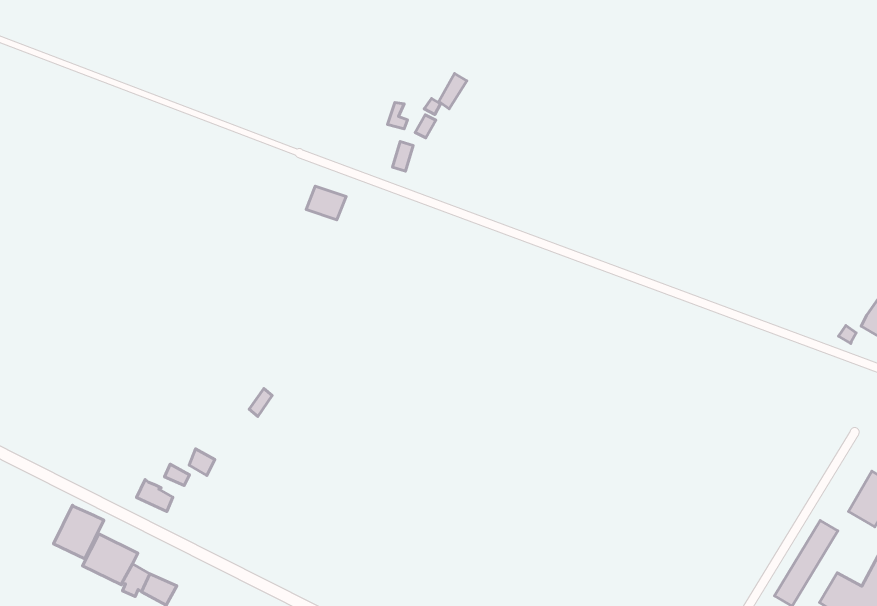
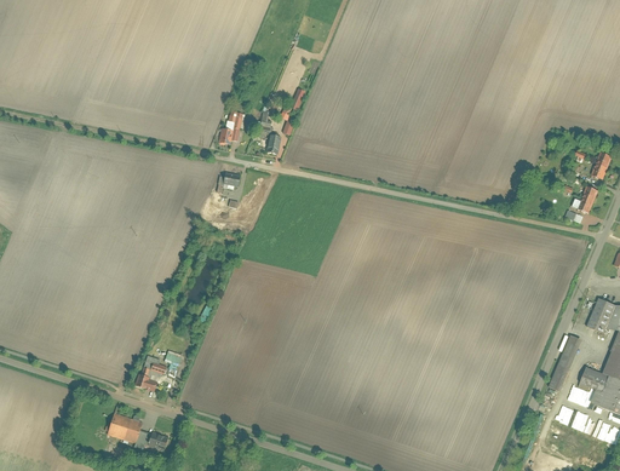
building: none -> [217,111,243,147]
building: [54,505,104,559] -> none

